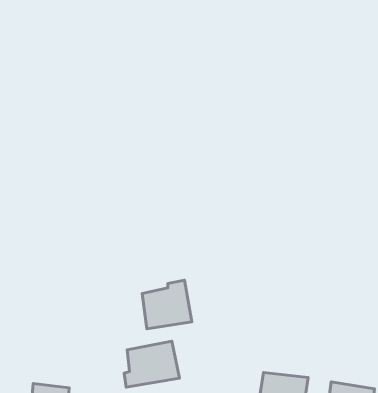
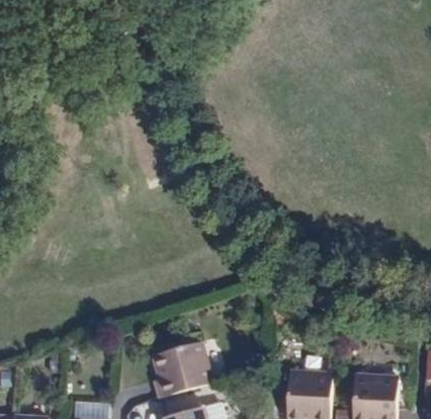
building: [142,280,192,329] -> none

